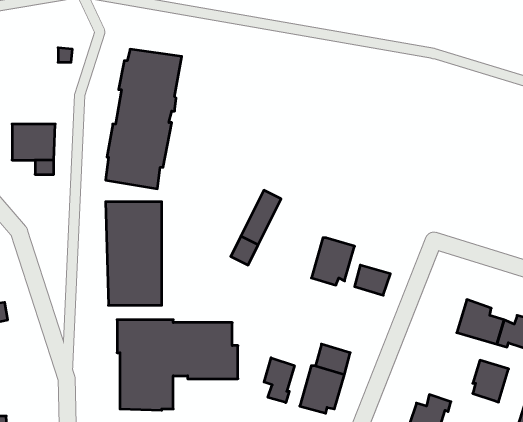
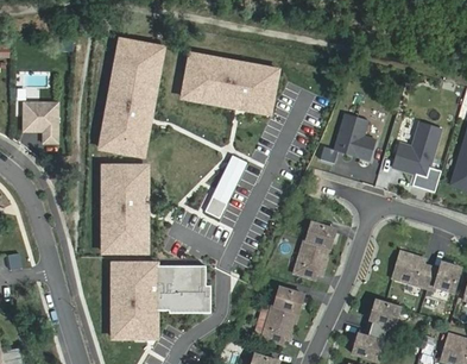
building: none -> [183,56,279,115]
building: none -> [335,113,377,159]
building: none -> [392,123,441,192]
building: [311,238,355,285] -> [295,238,330,277]
building: [264,358,294,403] -> none
building: [473,360,509,402] -> [368,300,398,334]

